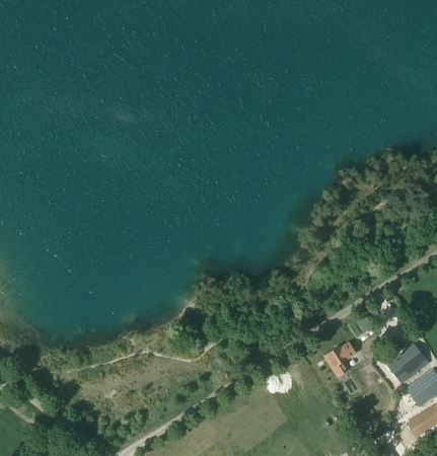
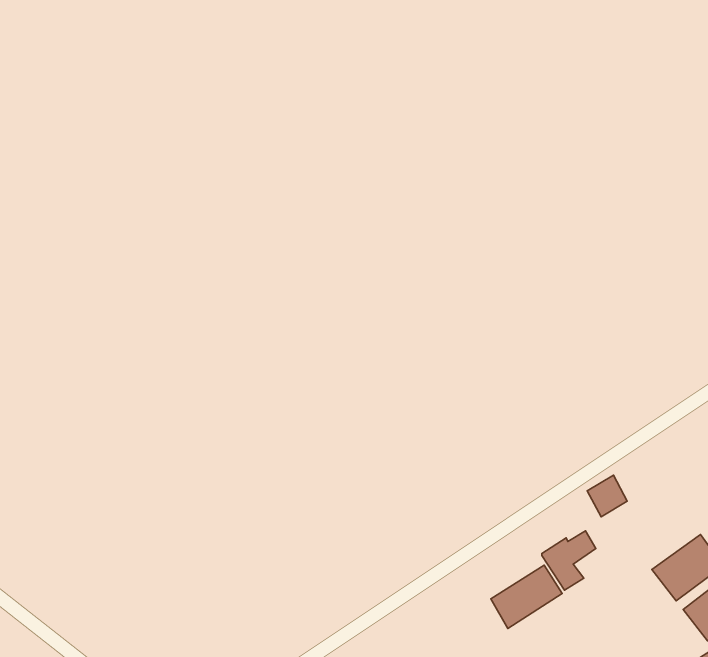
building: none -> [491,565,562,629]

